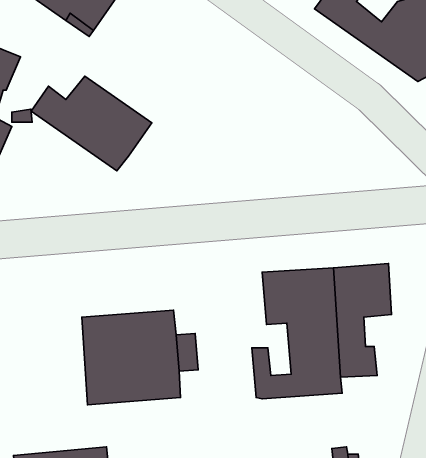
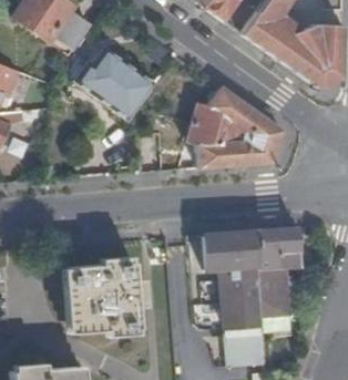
building: [31,76,152,171] -> [63,47,155,119]
building: none -> [191,85,283,168]
building: none -> [202,326,266,364]

